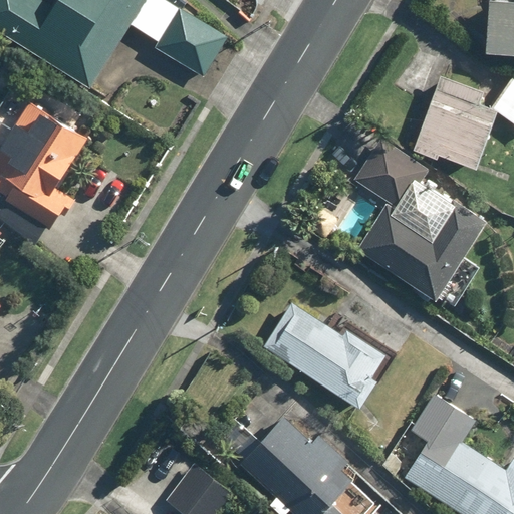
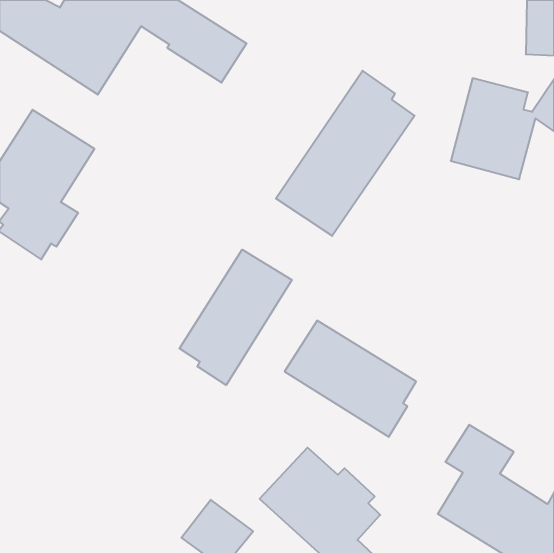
building: none -> [276,71,415,236]
building: [354,140,489,311] -> none
building: none -> [179,250,292,385]

